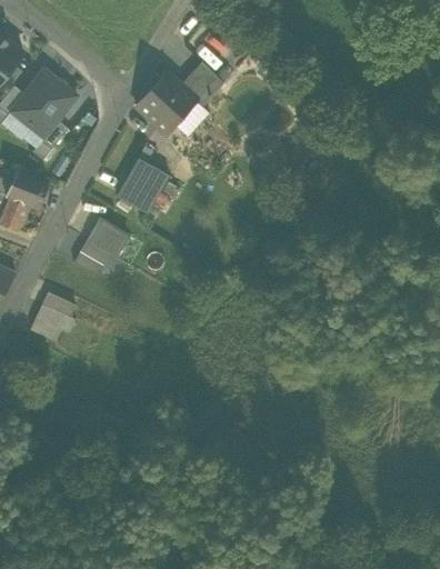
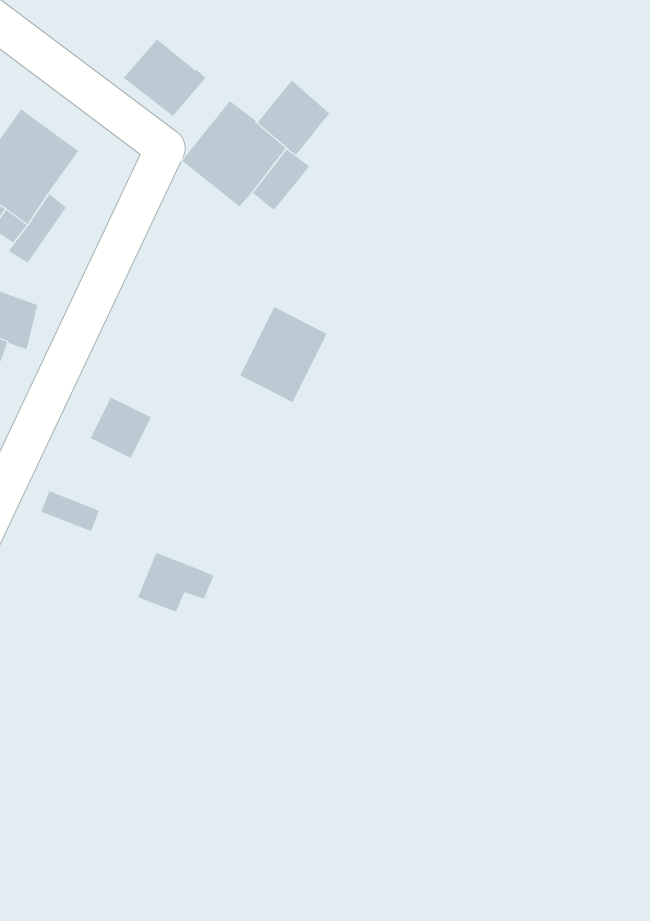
building: none -> [123,37,206,117]
building: [117,157,169,213] -> [240,306,327,403]
building: [87,220,128,257] -> none
building: [30,303,76,339] -> [137,552,215,612]

